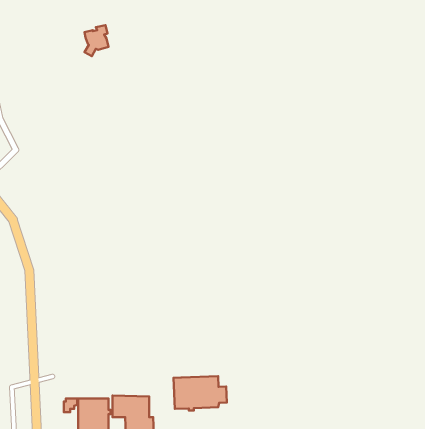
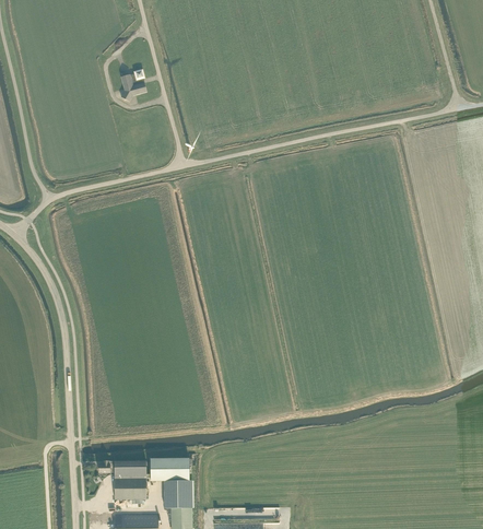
building: [174,376,227,411] -> none

